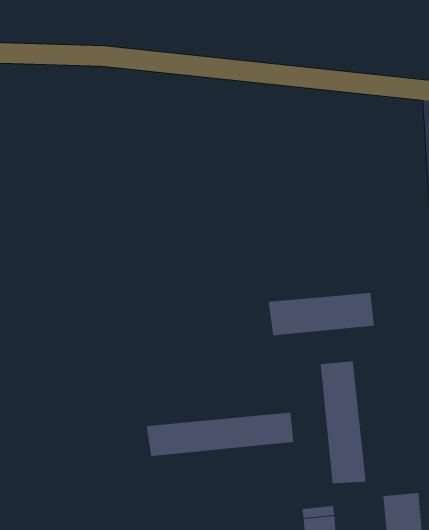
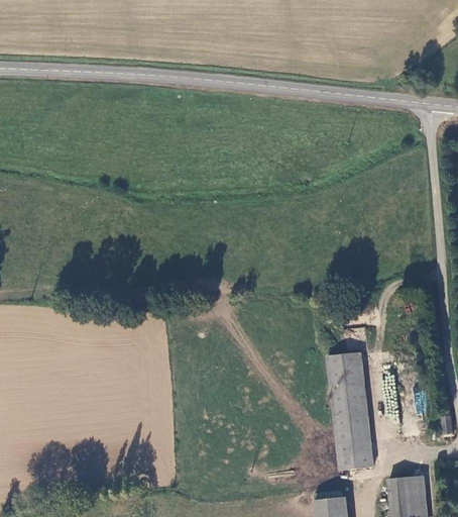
building: [268,292,374,336] -> none
building: [146,412,294,457] -> none

